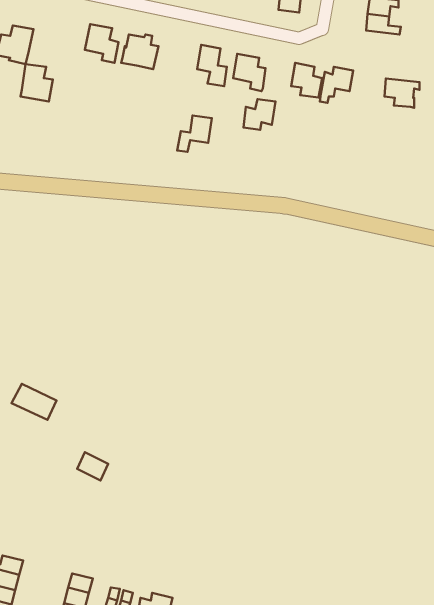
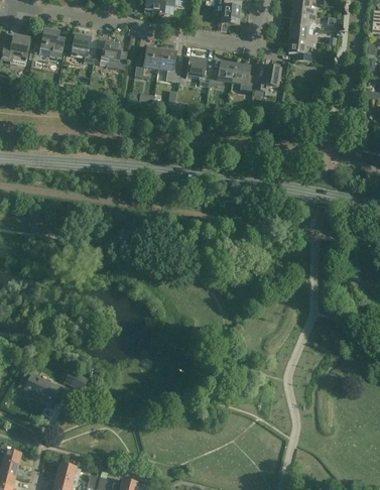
building: [20,64,53,102] -> [39,28,65,57]
building: [385,78,419,108] -> [289,38,316,62]
building: [243,99,276,130] -> [210,62,235,86]
building: [177,116,212,152] -> [134,47,161,76]
building: [11,384,57,420] -> [24,374,59,402]

